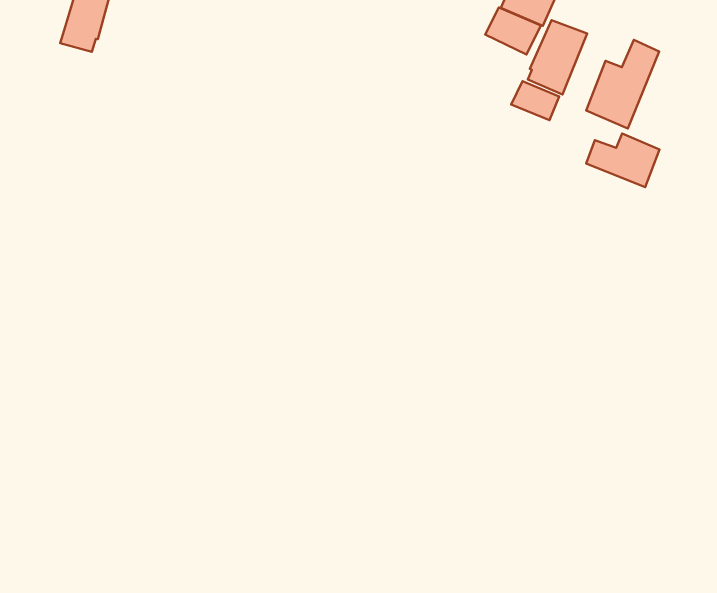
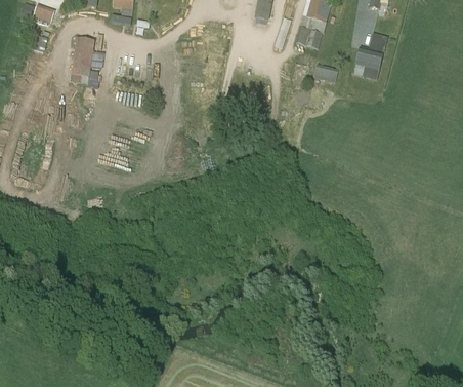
building: [528,20,587,94] -> none
building: [586,133,660,187] -> none

